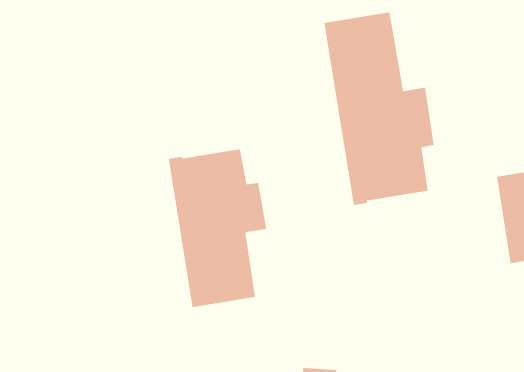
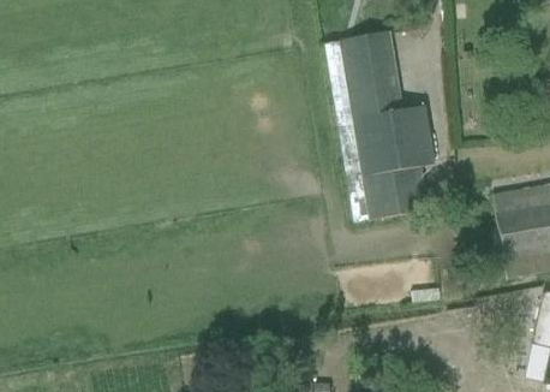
building: [168,149,267,308] -> none

